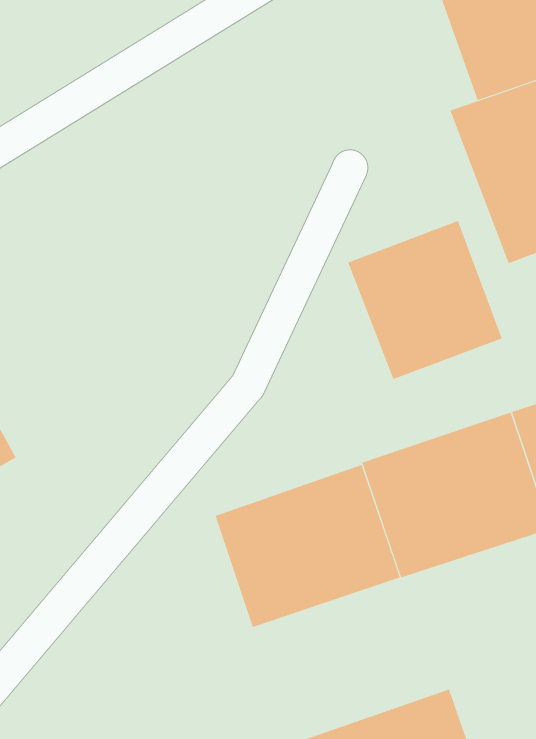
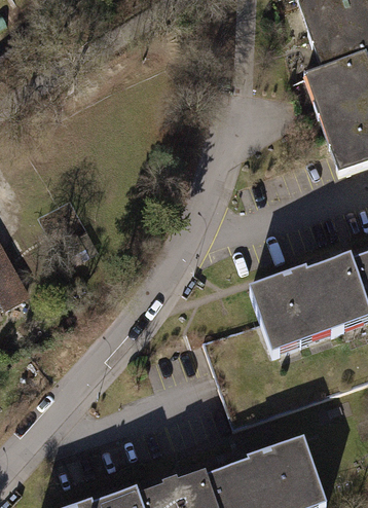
building: [347,220,503,380] -> none
building: [215,464,401,628] -> none

